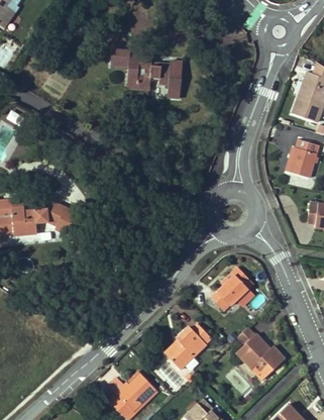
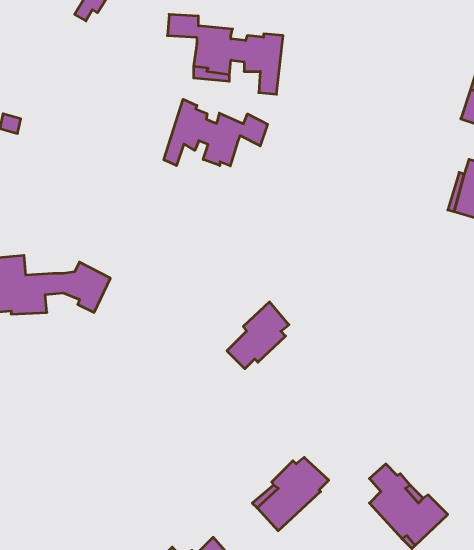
building: none -> [164,99,268,166]
building: [211,267,249,308] -> [227,302,289,369]

